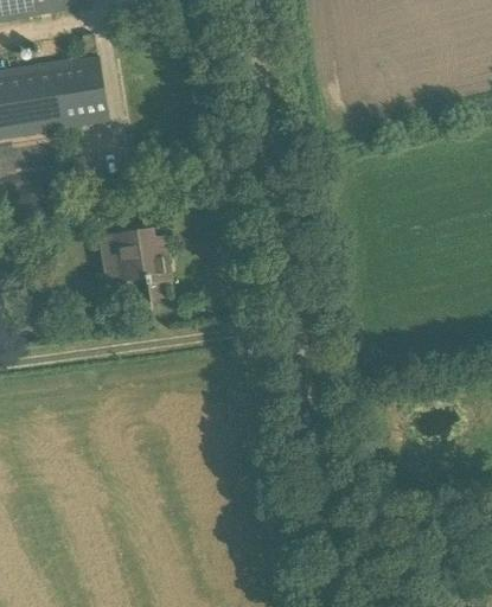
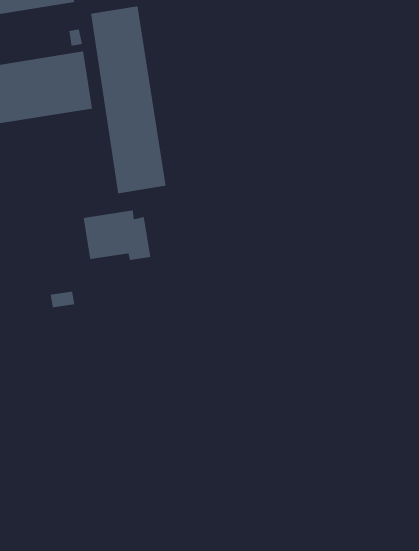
building: none -> [90,5,166,194]

